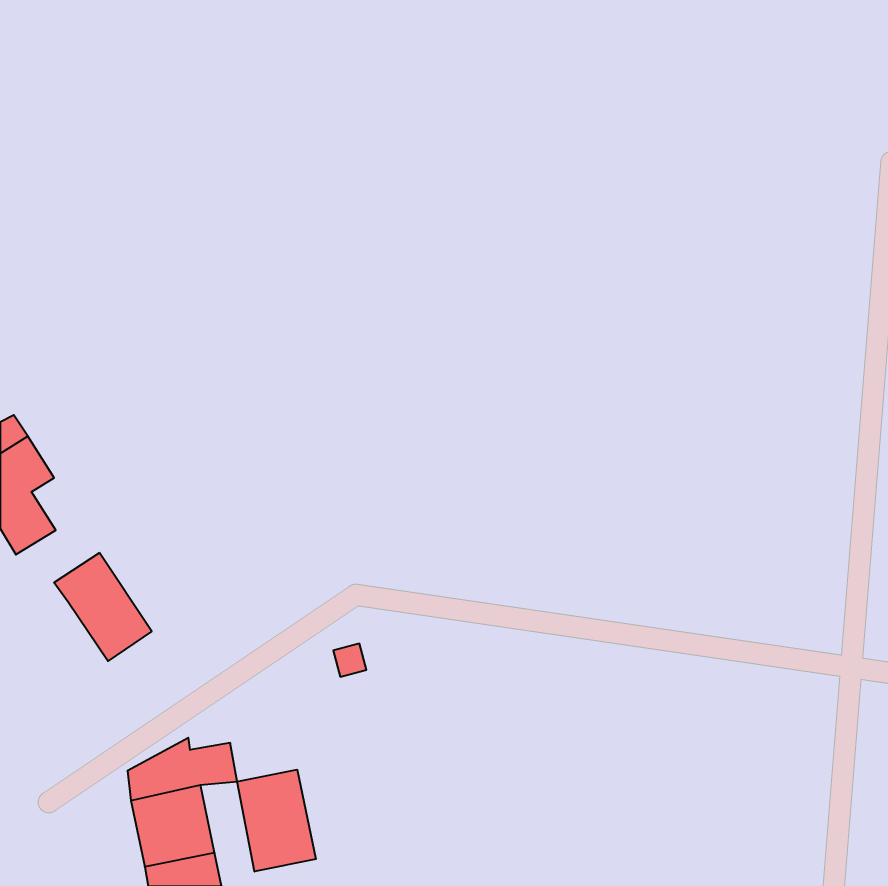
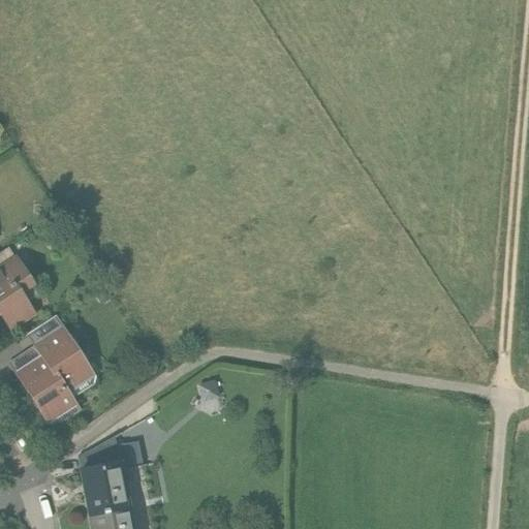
building: none -> [17,356,74,422]
building: [237,770,316,872] -> none

